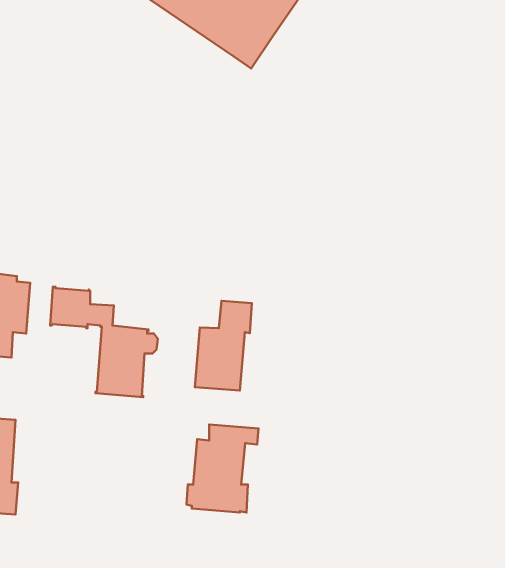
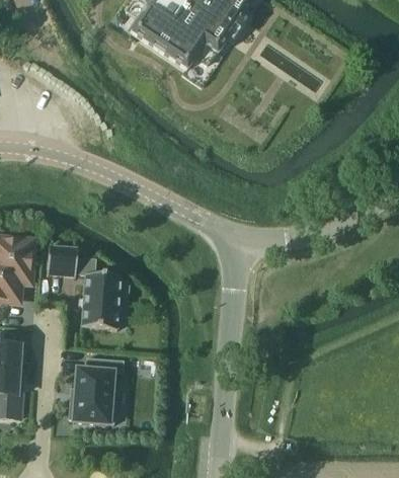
building: [195,301,252,391] -> none
building: [187,424,258,512] -> [68,356,123,423]

